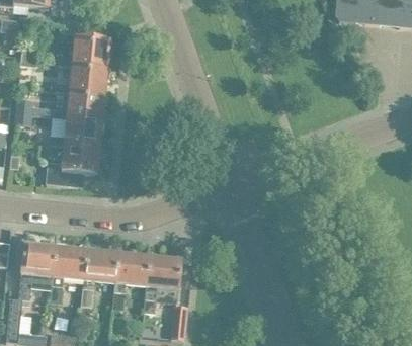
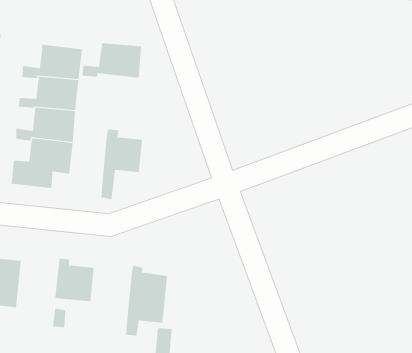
building: [58,35,109,66] -> [82,43,142,78]
building: [50,242,86,301] -> none
building: [112,248,149,309] -> [100,129,143,200]

